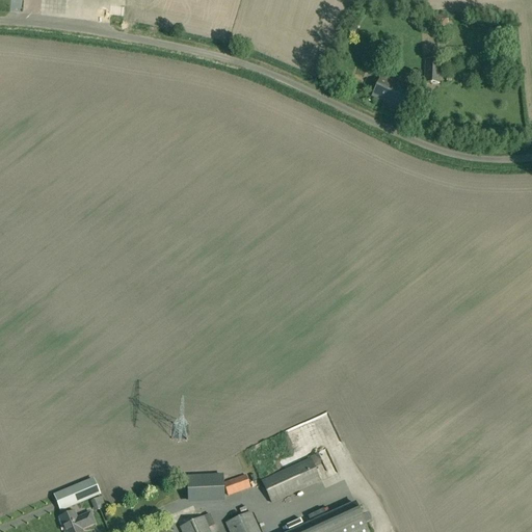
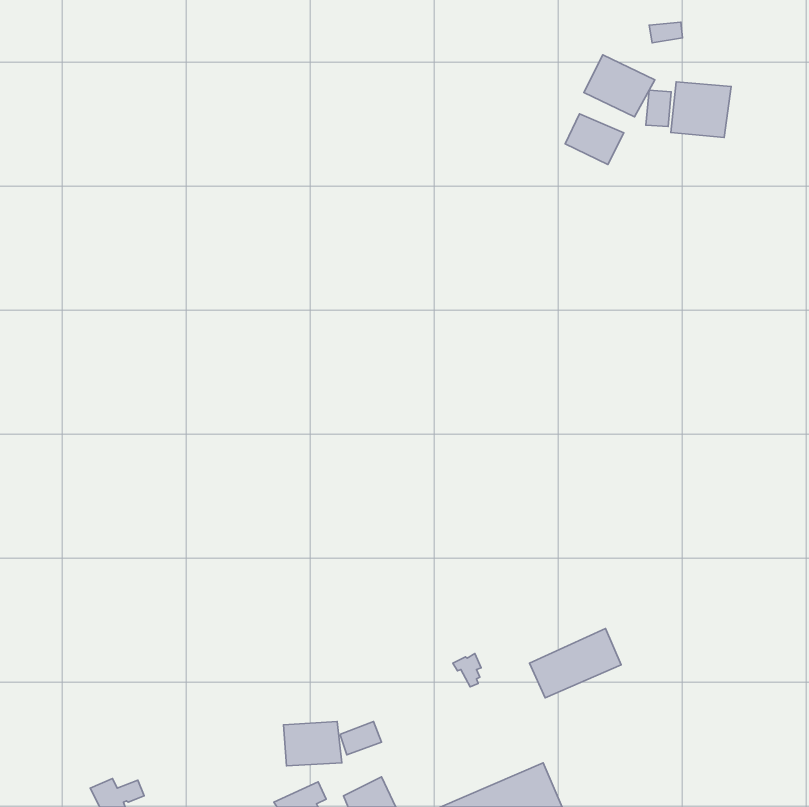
building: none -> [584,55,655,117]
building: none -> [671,82,731,137]
building: [261,457,321,503] -> [529,628,621,698]
building: [55,478,99,510] -> none

